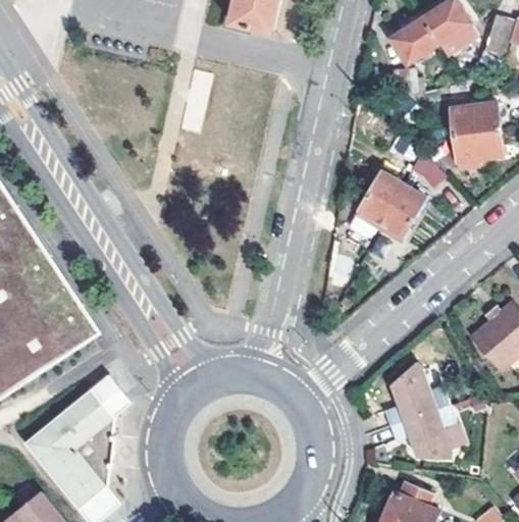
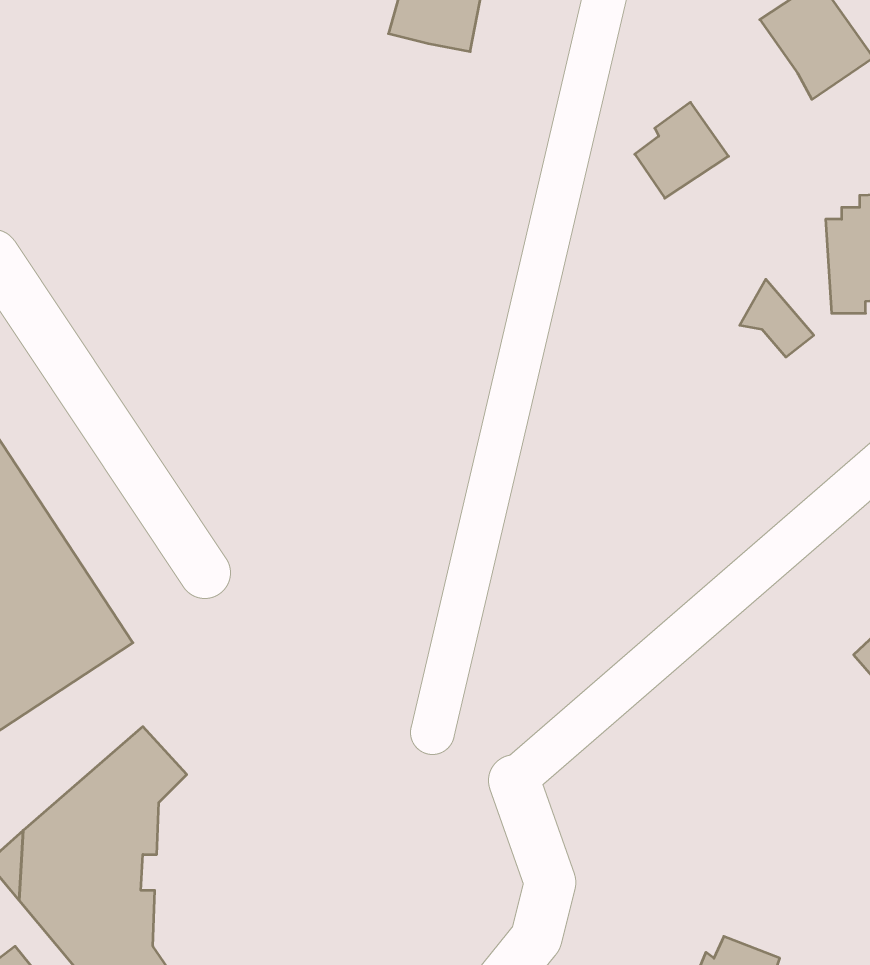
building: [391,15,438,64] -> [635,102,729,198]
building: [355,173,422,241] -> none
building: [381,363,453,461] -> none

